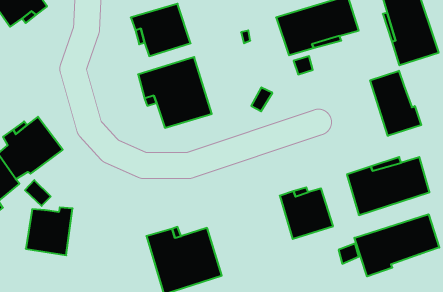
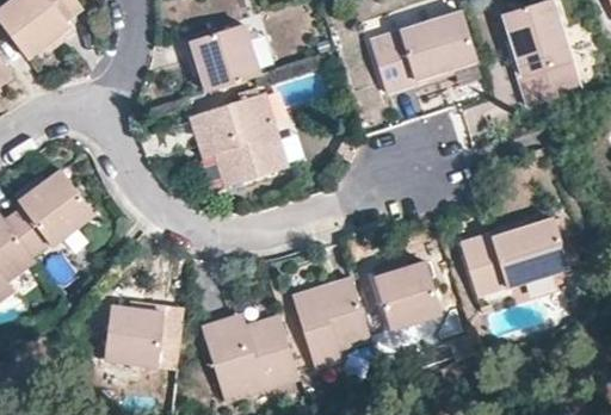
building: [370,71,421,136] -> none
building: none -> [295,280,371,367]
building: [26,207,73,255] -> [104,304,165,366]
building: [354,214,439,276] -> none

